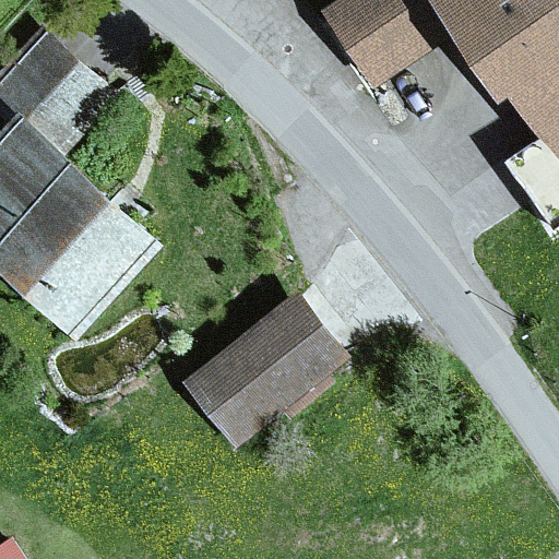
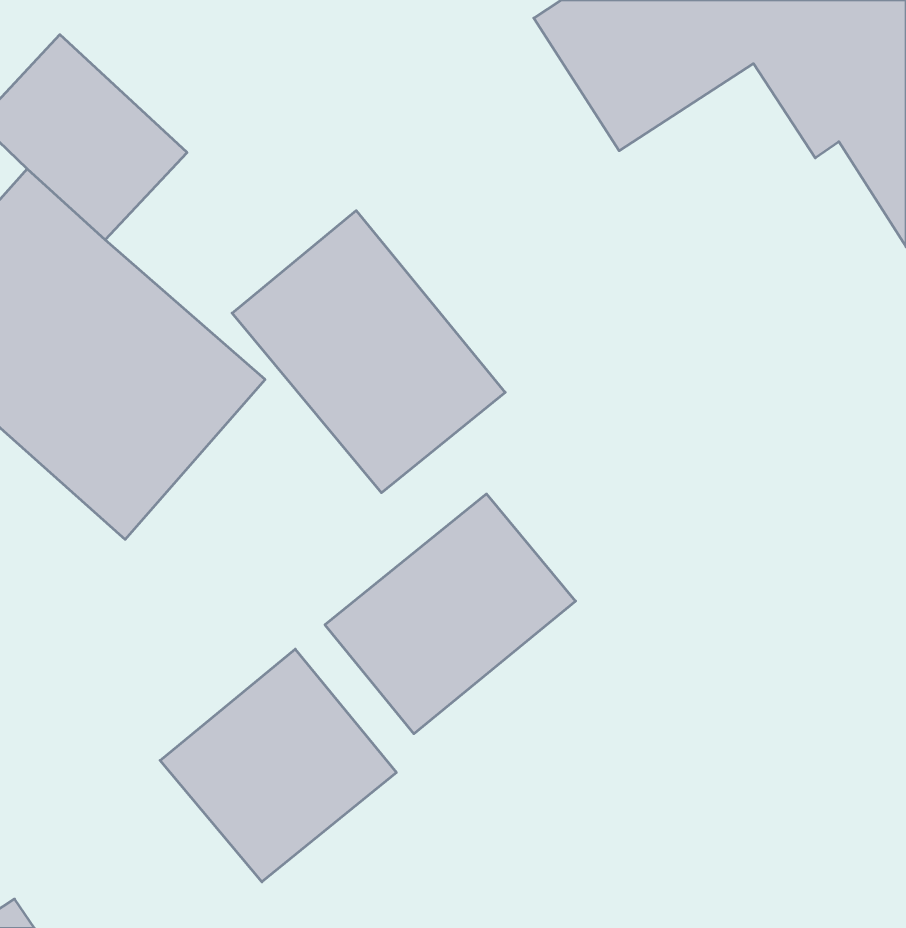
building: none -> [232,211,505,493]
building: none -> [160,649,396,882]

